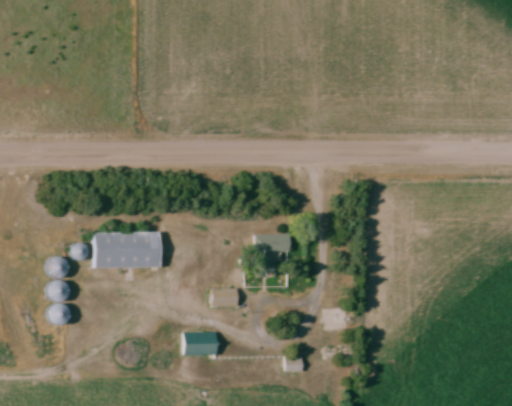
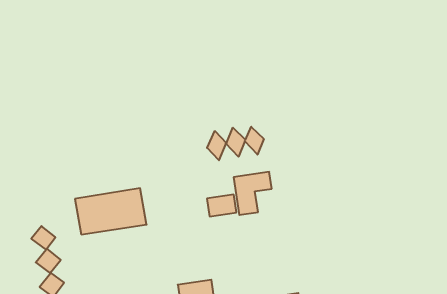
building: none -> [207,127,264,160]
building: [211,288,238,306] -> [207,195,236,216]

